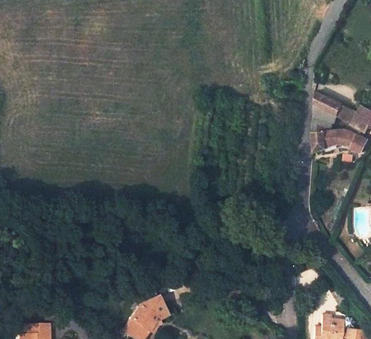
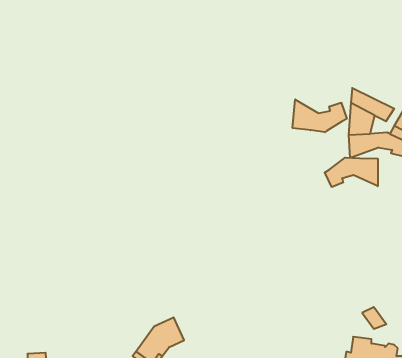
building: none -> [293,99,347,132]
building: none -> [325,158,378,187]

